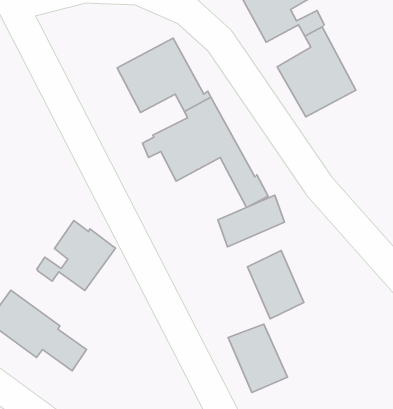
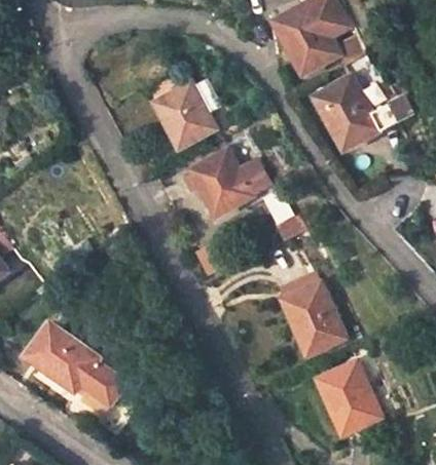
building: [218,195,285,247] -> none
building: [37,220,115,290] -> none
building: [228,324,287,393] -> [318,364,377,433]

